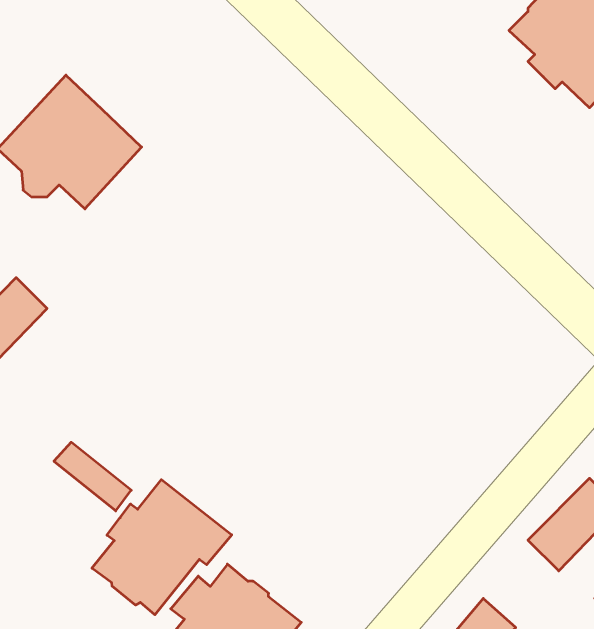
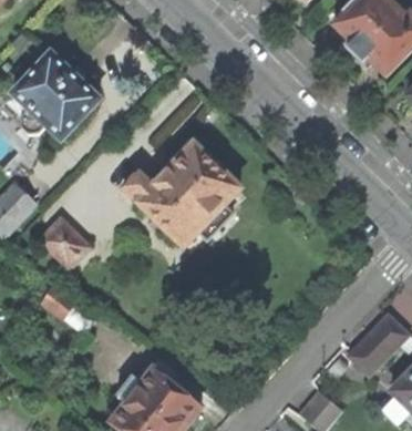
building: none -> [123,143,240,246]
building: none -> [40,215,91,267]
building: [92,480,232,615] -> none

